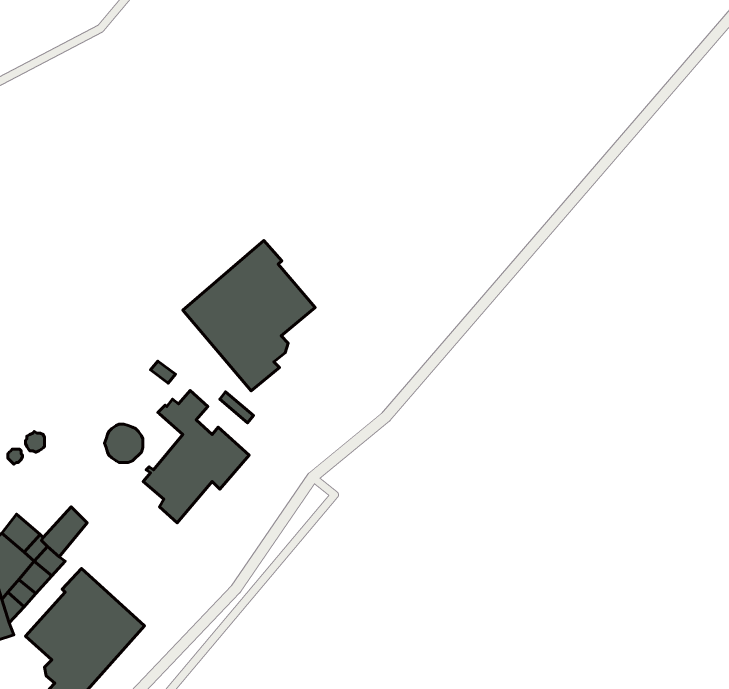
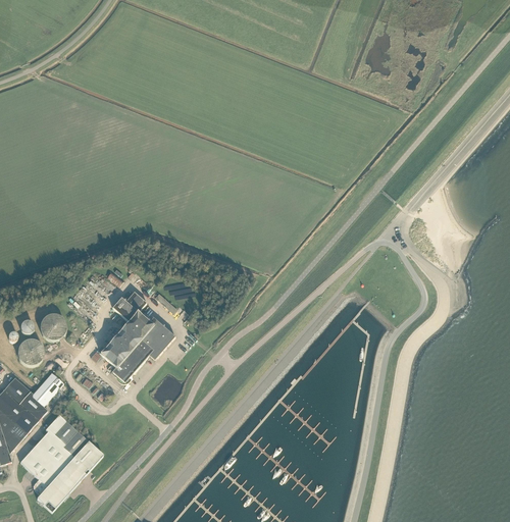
building: [183,241,315,391] -> none
building: [105,424,143,462] -> [39,313,65,340]
building: none -> [16,338,43,365]

